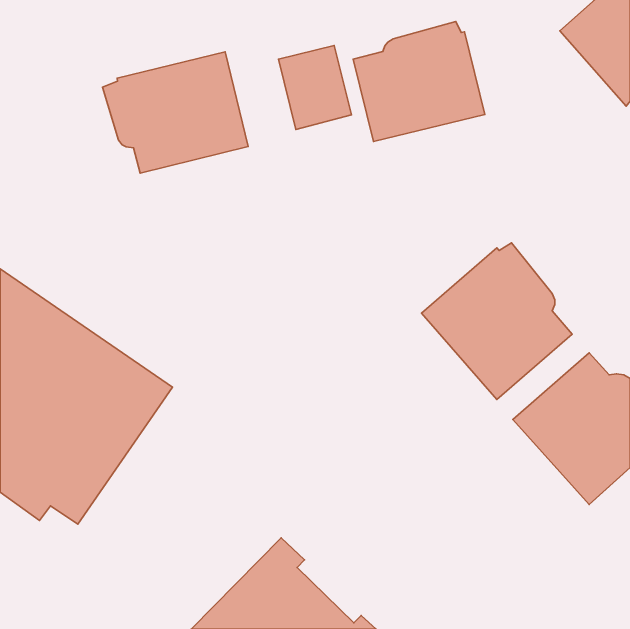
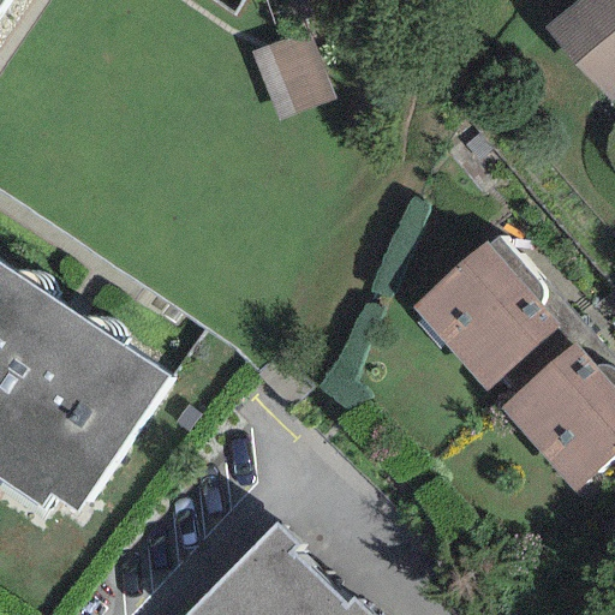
building: [353,21,485,142] -> none
building: [103,52,248,173] -> none

